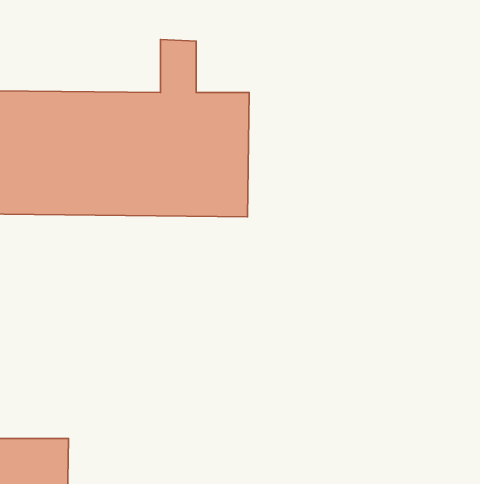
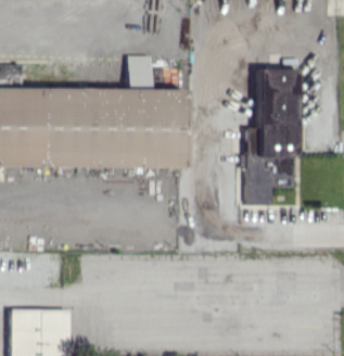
building: none -> [238,67,296,205]

